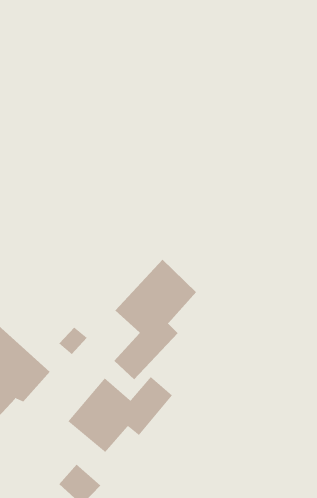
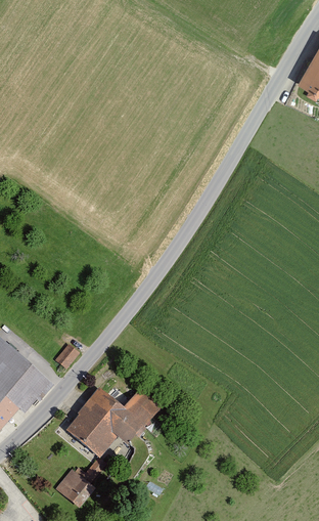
building: [113,259,197,380] -> none

